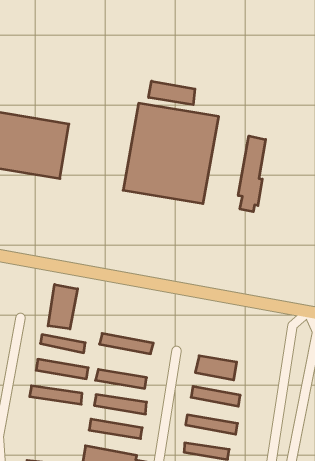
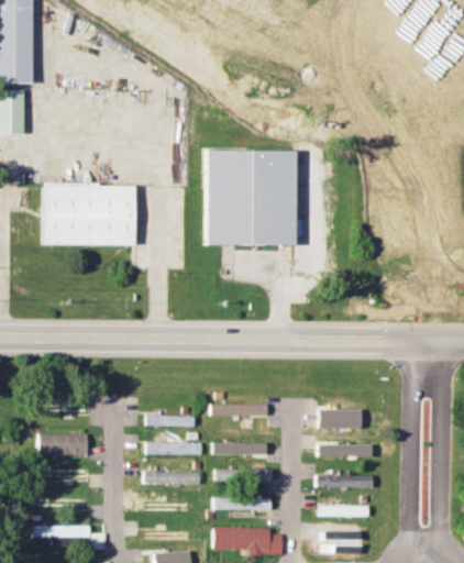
building: [149,81,195,105] -> none
building: [238,136,266,212] -> none
building: [48,284,78,329] -> none

